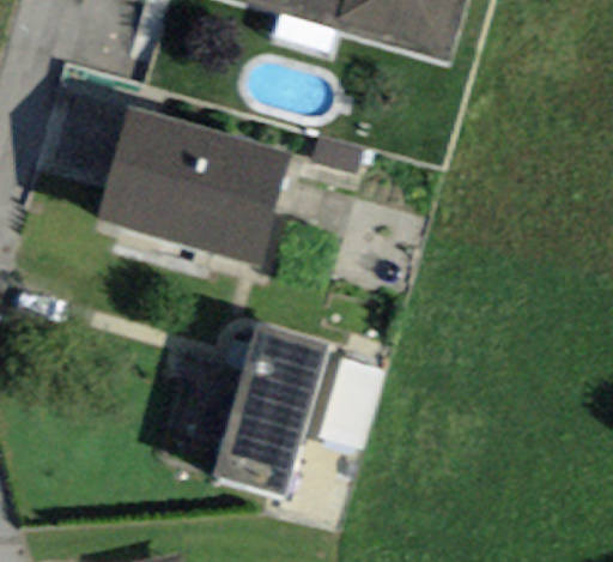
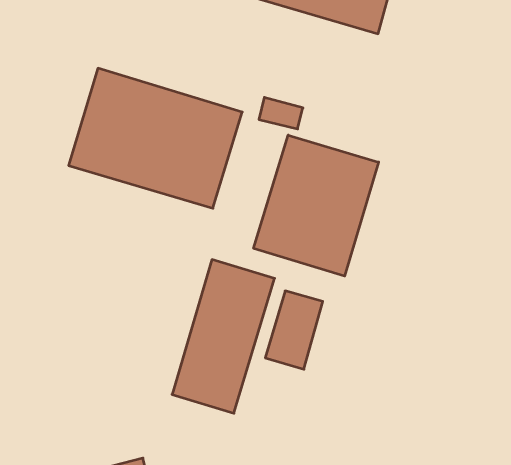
building: none -> [254,135,379,276]

